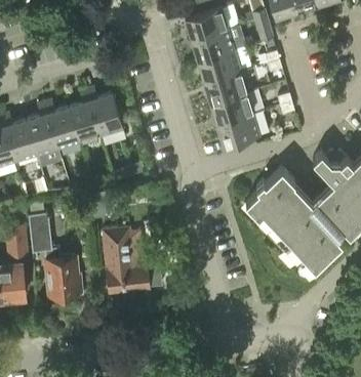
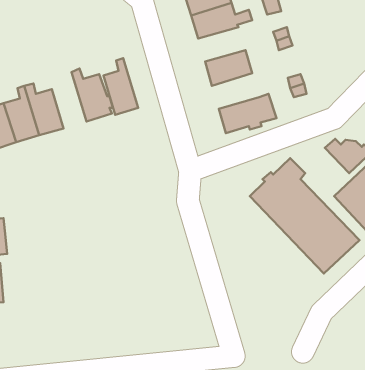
building: [199,53,241,84] -> none
building: [69,93,99,143] -> [104,58,138,115]
building: [211,94,253,126] -> none
building: [29,202,81,297] -> none
building: [103,231,162,294] -> none

